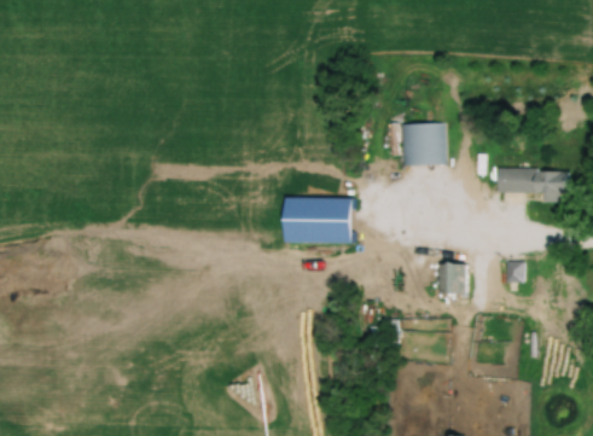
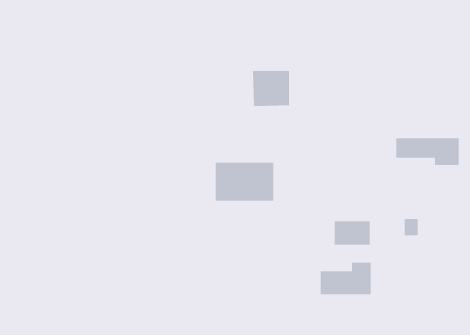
building: [400,123,443,165] -> [252,70,290,107]
building: none -> [320,262,372,295]

